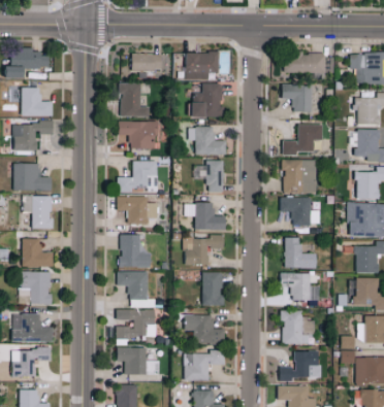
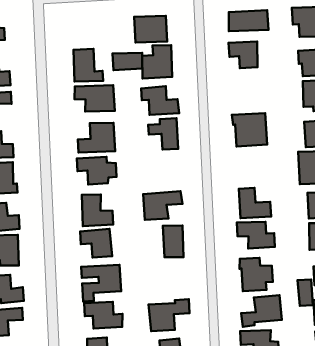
building: [132,53,163,70] -> [112,53,142,70]
building: [285,124,323,155] -> none
building: [280,196,321,225] -> none
building: [185,202,226,229] -> none
building: [185,314,225,343] -> none

